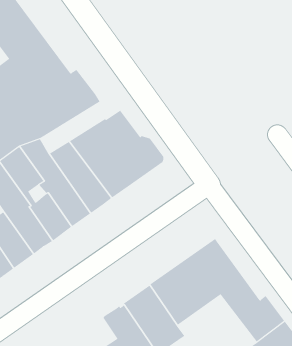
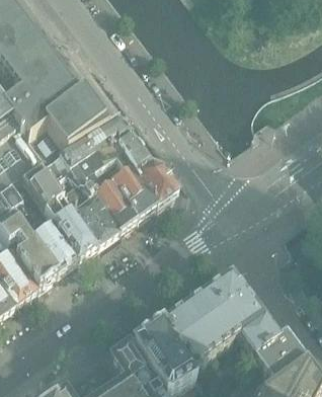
building: none -> [45,108,130,178]

